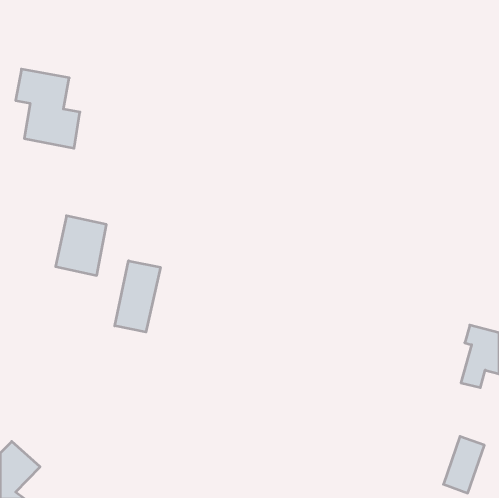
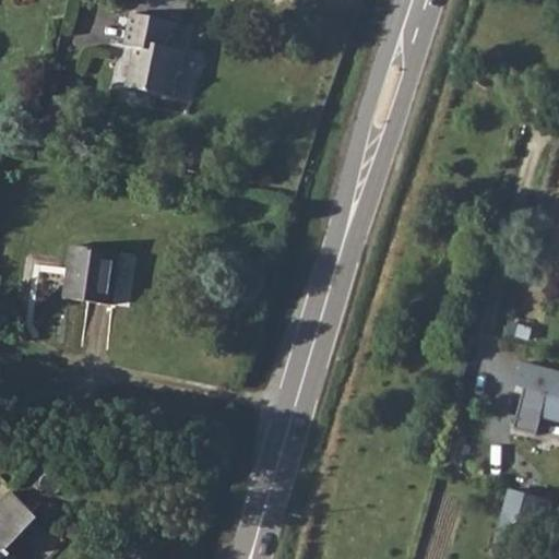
building: [16,69,80,148] -> [117,9,189,97]
building: [115,261,160,332] -> none

